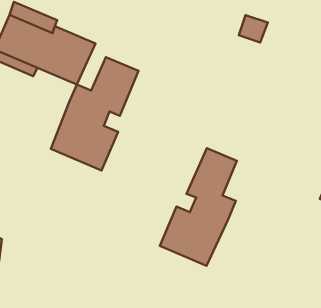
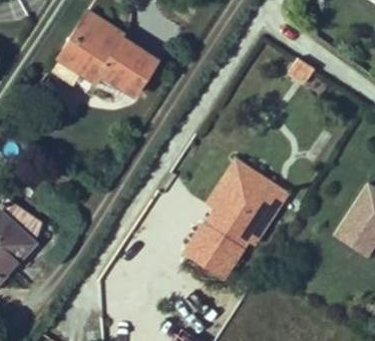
building: [51,57,138,170] -> none
building: none -> [205,160,287,245]

